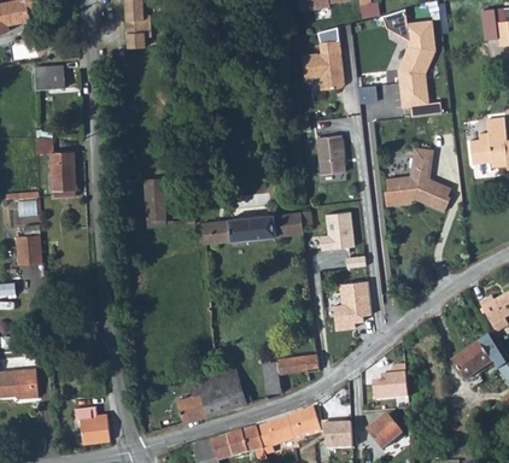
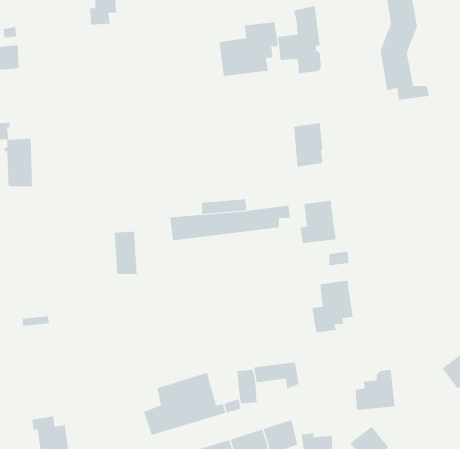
building: none -> [219,21,278,77]
building: [384,147,450,209] -> none
building: [145,181,166,221] -> [114,231,137,275]

